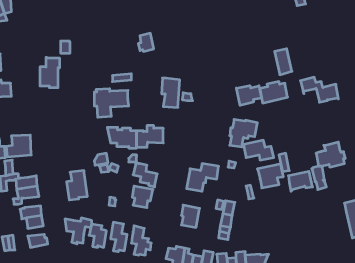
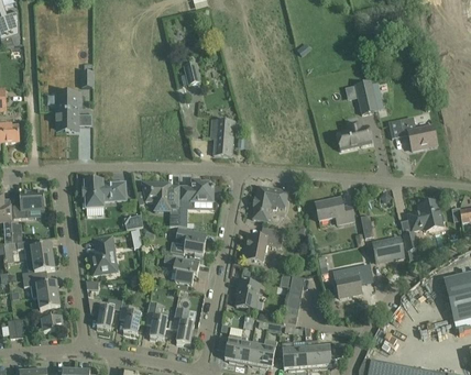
building: [236,86,262,105] -> none
building: [94,89,129,117] -> [81,178,125,214]
building: [230,119,257,147] -> [252,185,287,220]
building: [257,164,283,188] -> [333,265,366,296]

